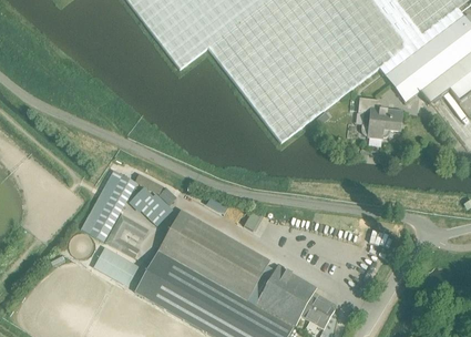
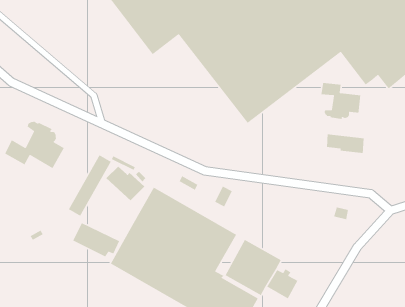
building: none -> [4,121,65,169]
building: none -> [326,134,364,154]
building: [105,214,147,257] -> none

